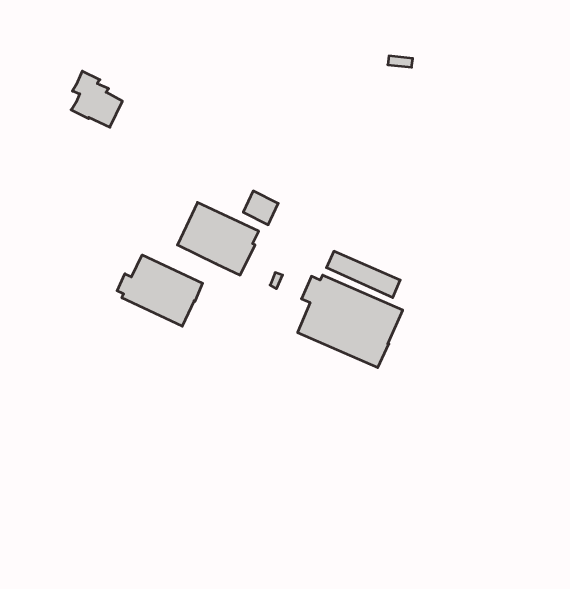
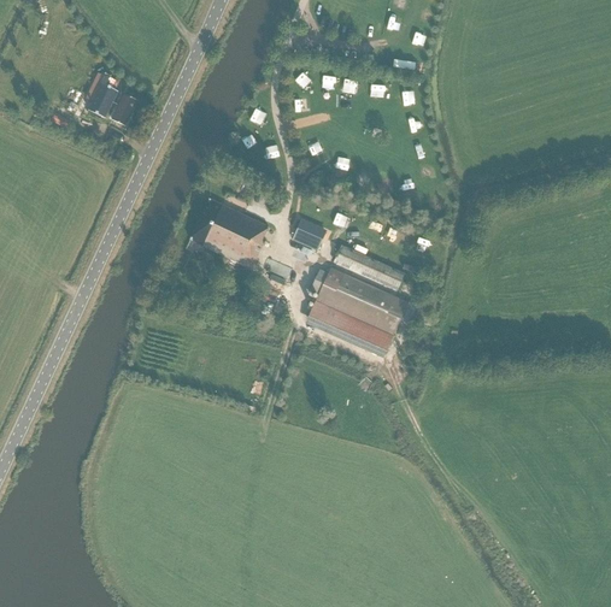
building: [243,191,278,225] -> [293,219,327,252]
building: [117,255,203,326] -> none

